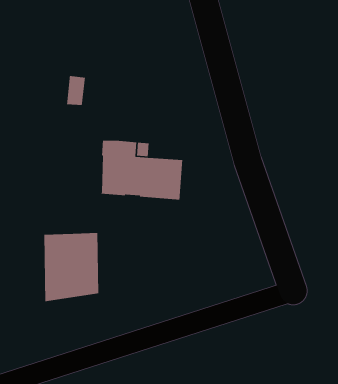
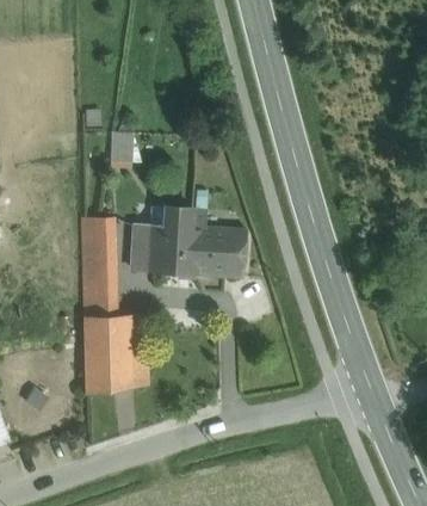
building: none -> [81,217,117,316]
building: none -> [131,224,151,267]

